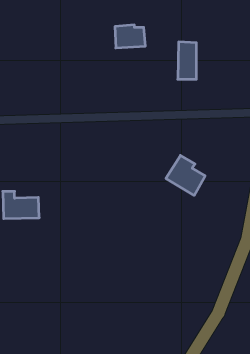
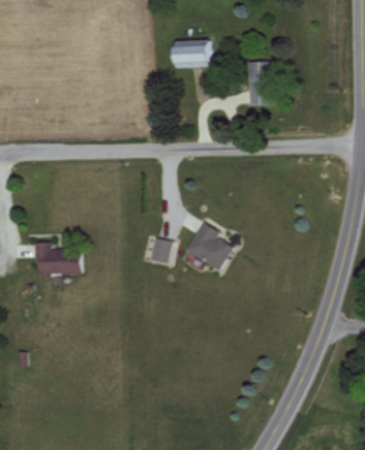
building: [166,155,205,195] -> [185,222,233,270]
building: none -> [149,237,173,263]

